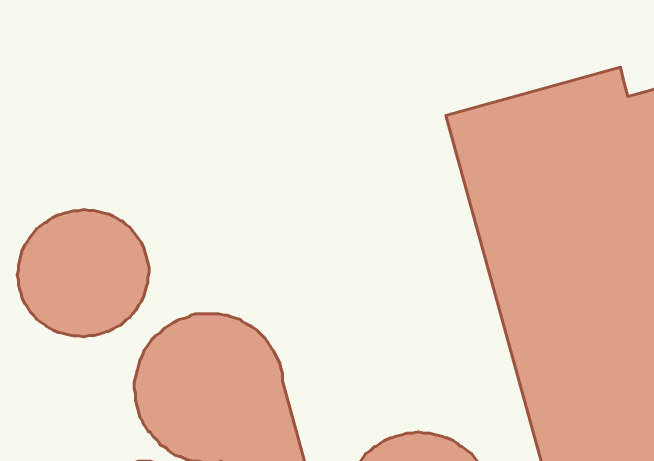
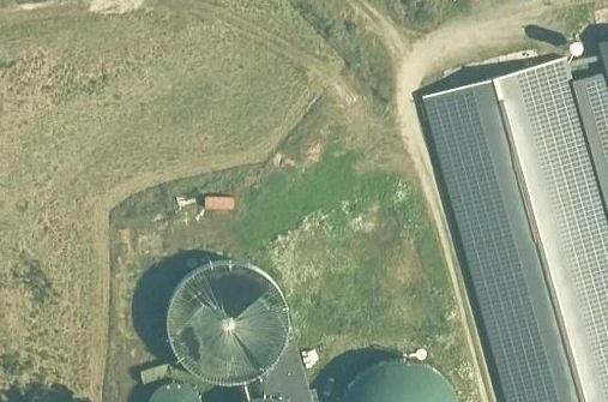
building: [17,209,149,337] -> none

